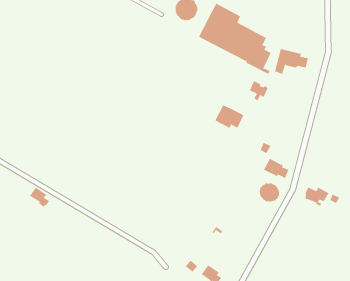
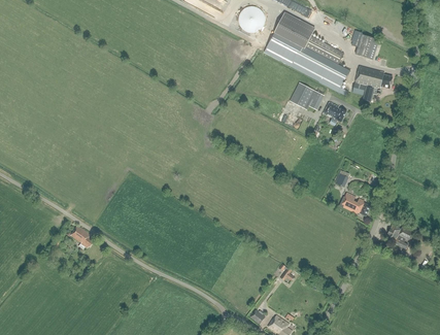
building: none -> [354,33,378,59]
building: [215,104,244,129] -> [290,82,324,110]
building: [259,182,280,203] -> none

